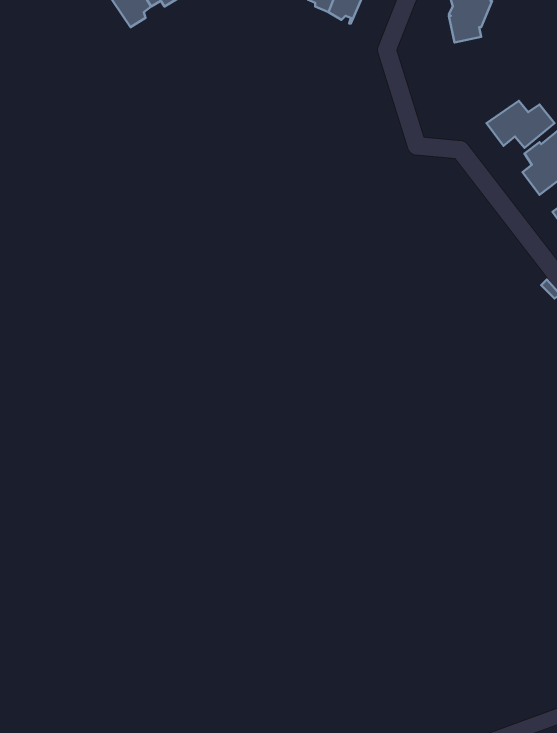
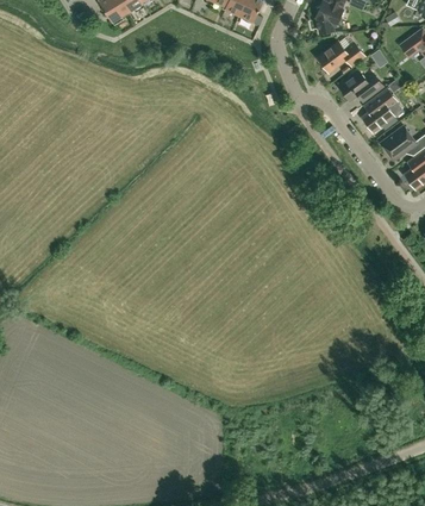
building: none -> [318,42,364,71]

